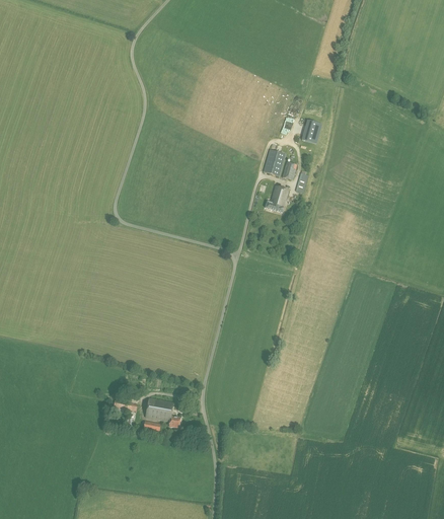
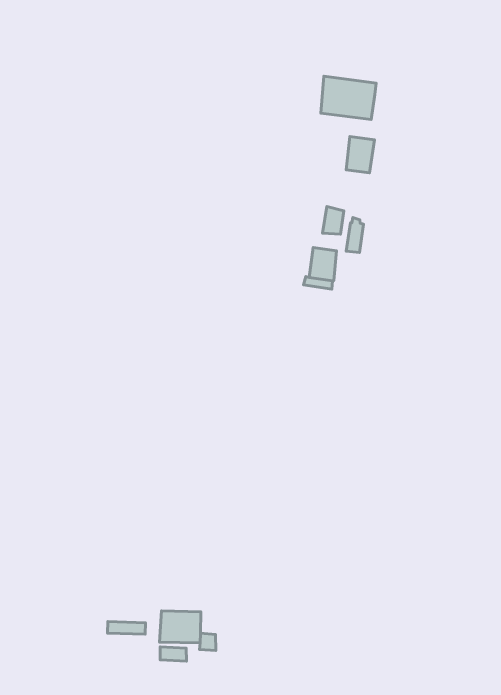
building: none -> [321,76,376,119]
building: [263,148,285,175] -> none

